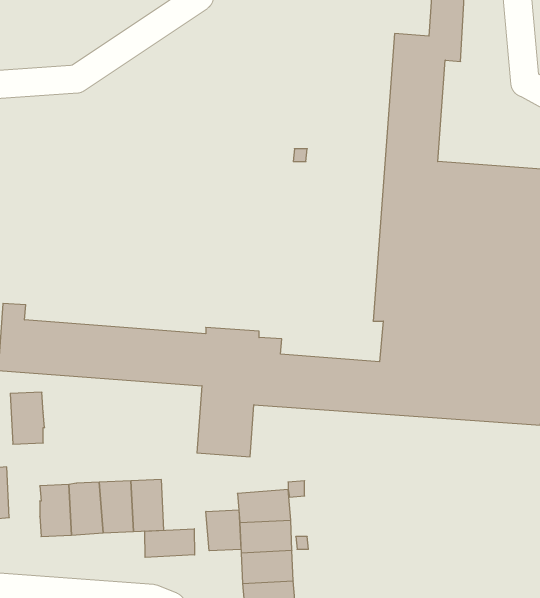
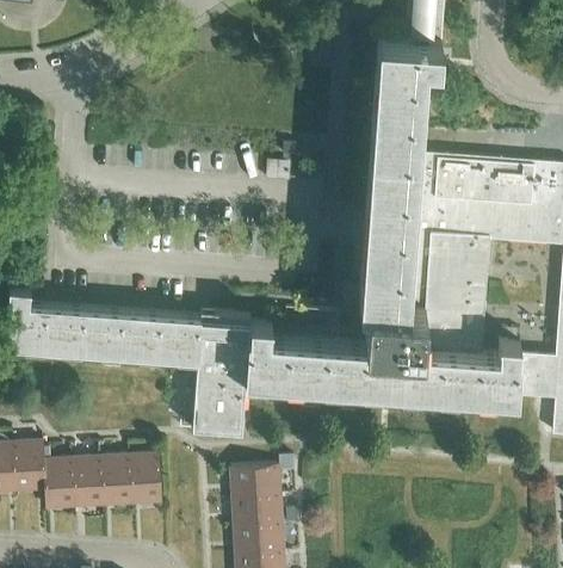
building: [10,392,45,444] -> [13,443,45,492]
building: [206,510,241,551] -> none
building: [145,529,195,557] -> none

